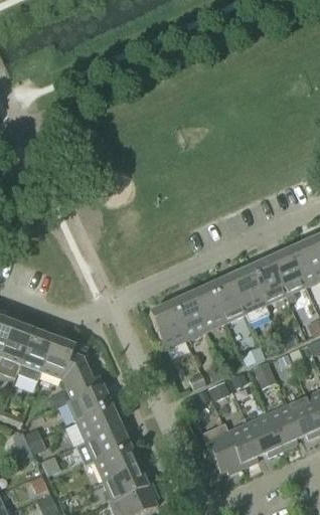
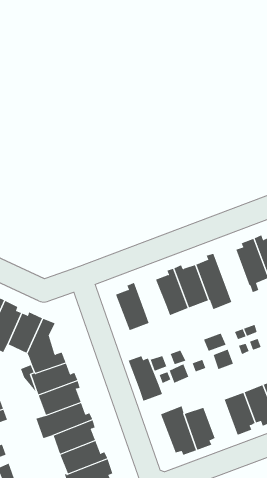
building: [247,259,285,304] -> none
building: [167,293,205,340] -> [128,356,163,402]
building: [247,413,283,456] -> none

